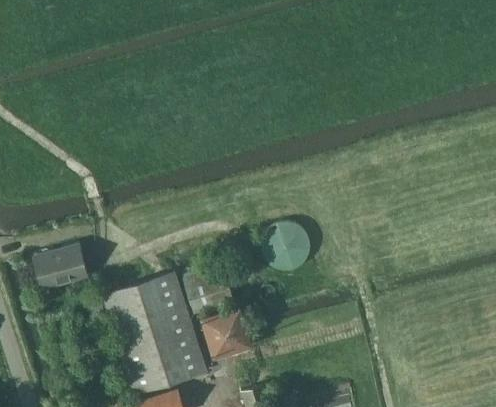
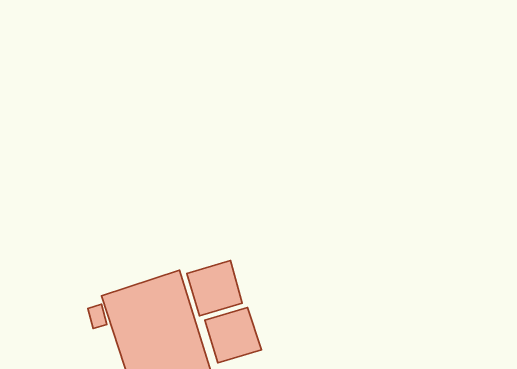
building: [267,224,310,266] -> none
building: [34,247,87,288] -> none

